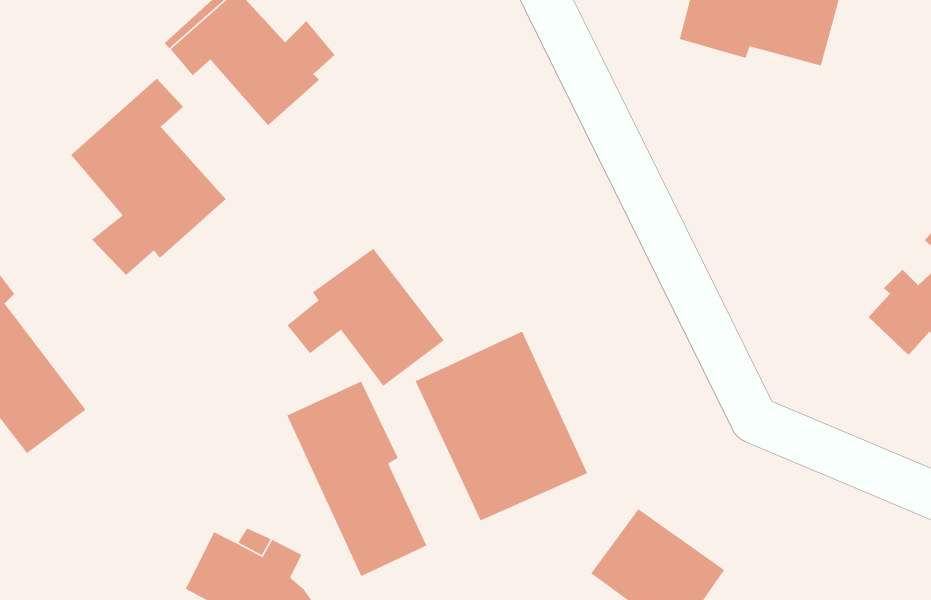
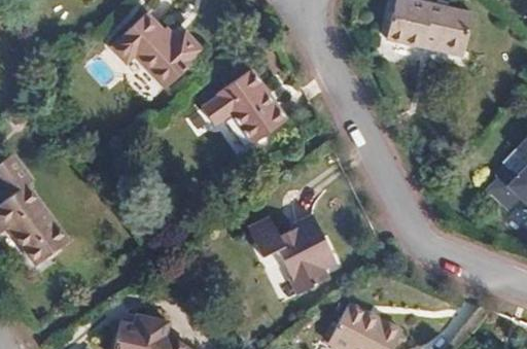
building: [70,78,227,276] -> none
building: [287,248,445,387] -> [203,68,287,142]
building: [286,381,428,577] -> none

